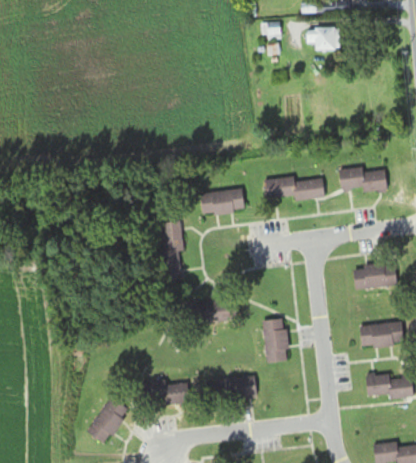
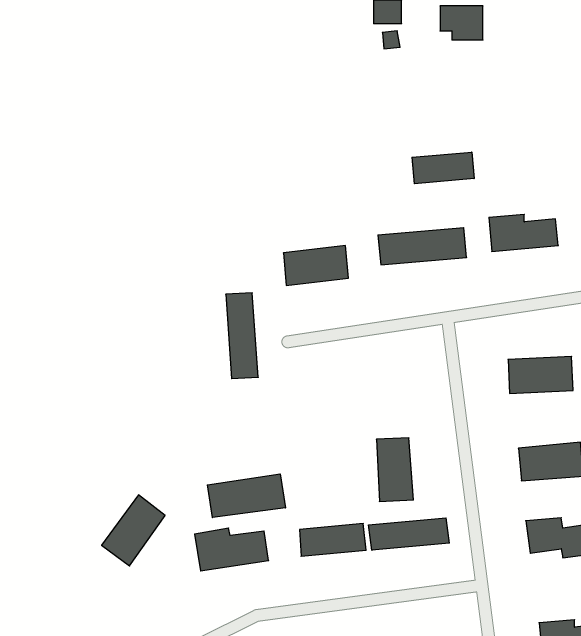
building: none -> [412,152,474,184]
building: none -> [207,474,285,518]
building: none -> [369,518,449,550]
building: [86,397,129,445] -> [102,495,165,566]

